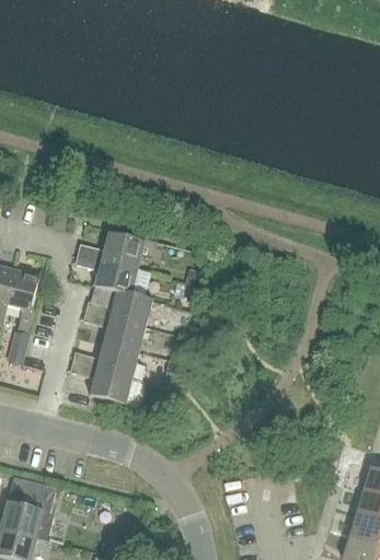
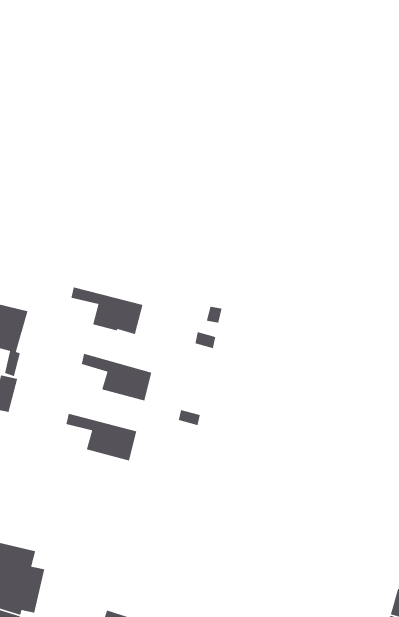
building: [77,235,143,271] -> none
building: [85,293,152,329] -> none
building: [72,345,138,380] -> none

